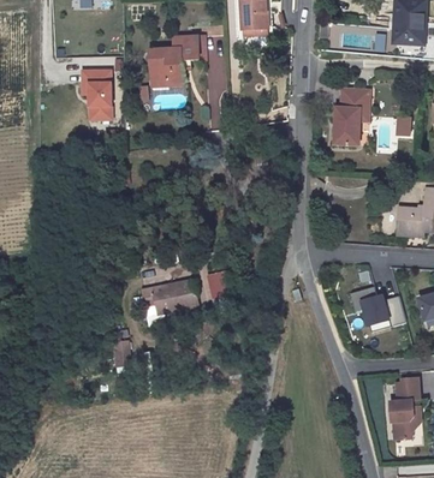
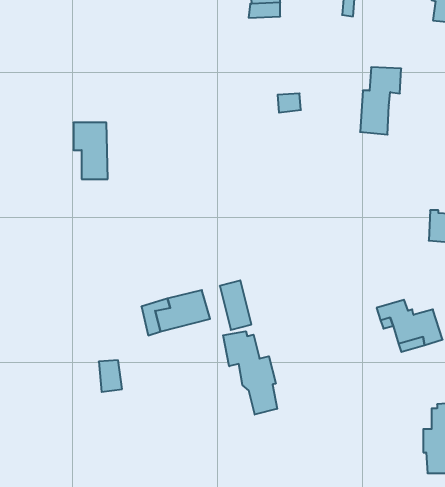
building: [148,34,206,80] -> none
building: [81,68,111,118] -> [73,123,108,179]
building: none -> [223,331,277,415]

